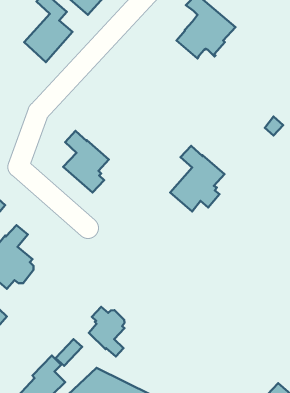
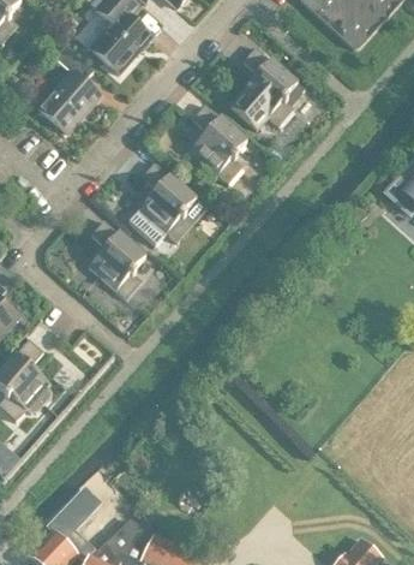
building: none -> [188,105,245,183]
building: [170,146,224,211] -> [126,162,194,245]
building: [89,307,125,356] -> none

